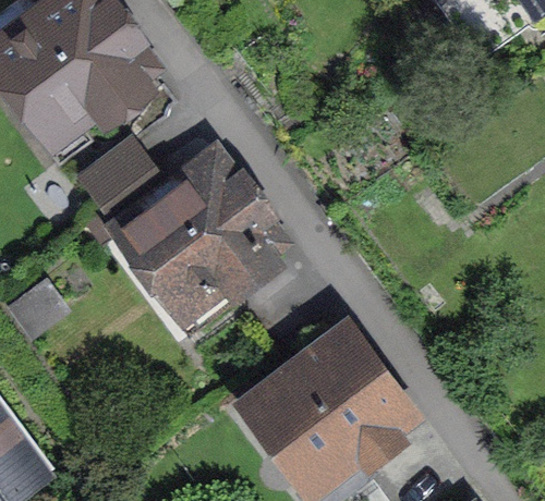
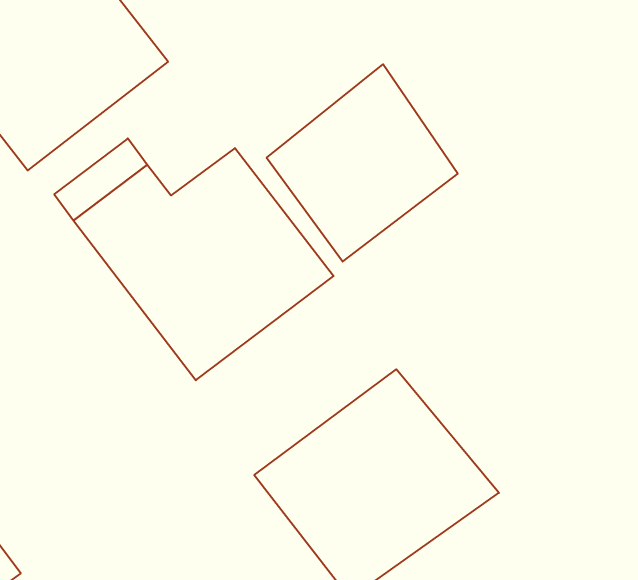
building: none -> [267,64,458,262]

